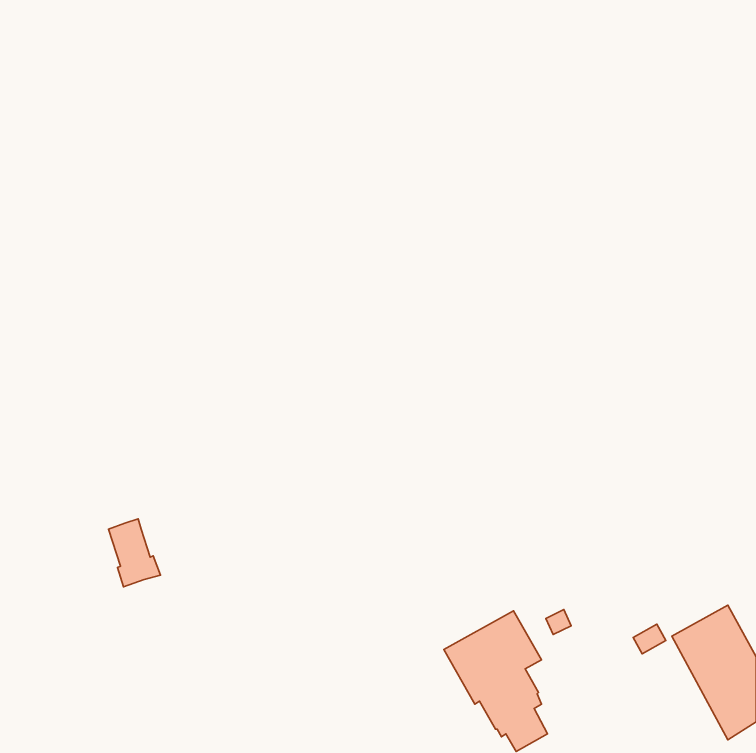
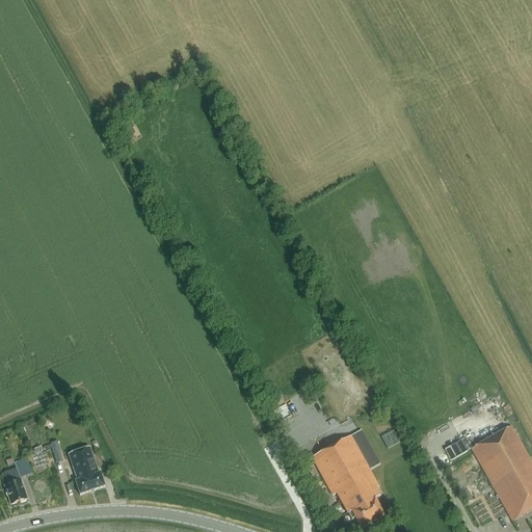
building: [109,519,160,587] -> [70,446,106,494]
building: none -> [5,456,33,503]

